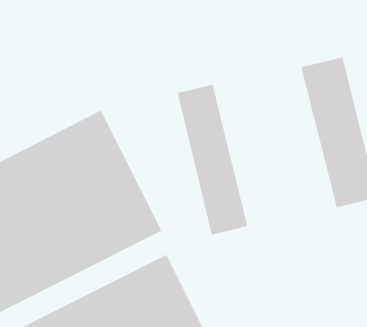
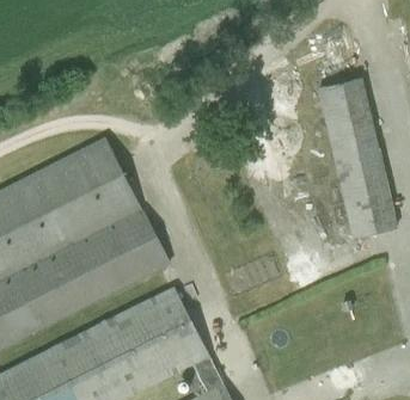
building: [177,84,248,236] -> none

